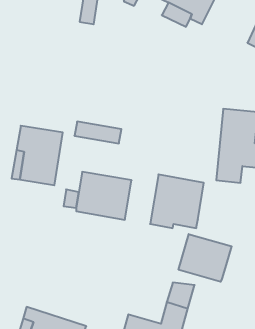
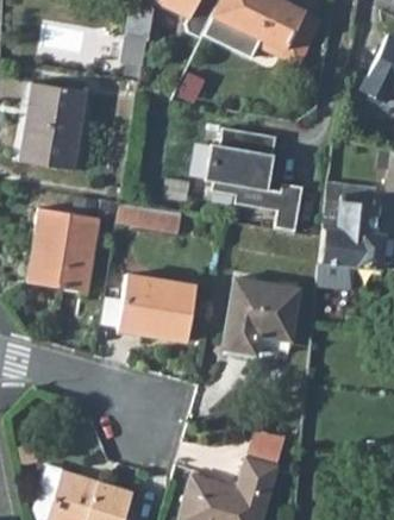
building: none -> [20,82,95,171]
building: none -> [207,127,302,231]
building: [179,234,232,282] -> none

